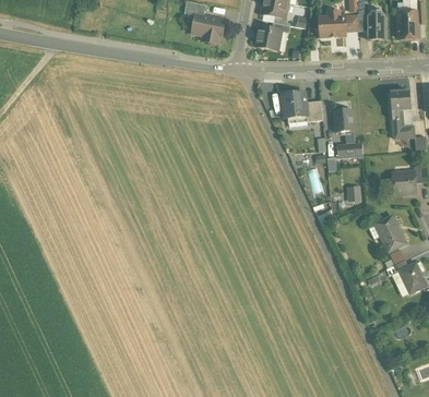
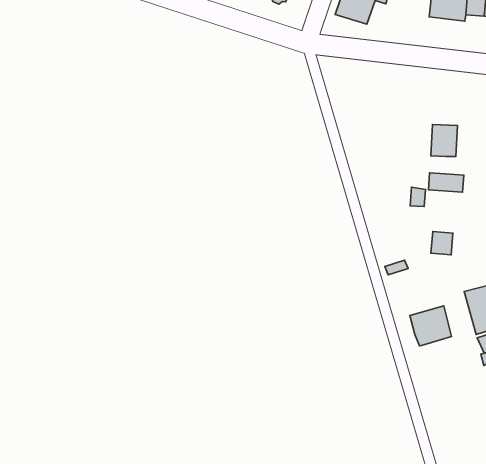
building: [281,92,317,121] -> none
building: none -> [410,306,451,346]

